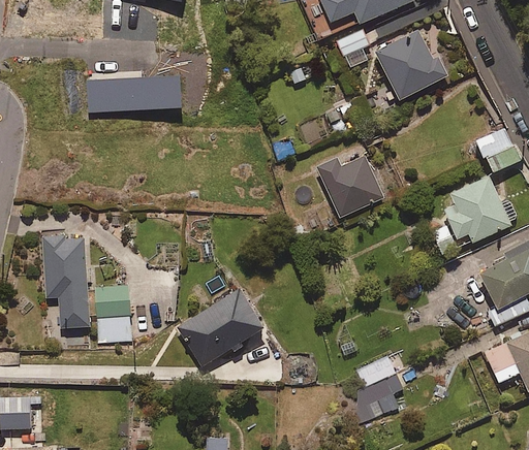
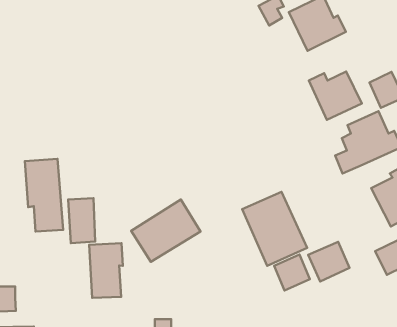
building: [85,75,181,112] -> none
building: [316,157,383,218] -> [309,71,362,120]
building: none -> [242,192,307,266]
building: none -> [308,242,349,281]
building: none -> [89,243,123,298]

